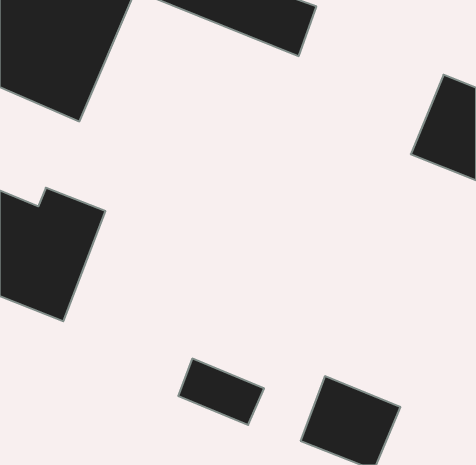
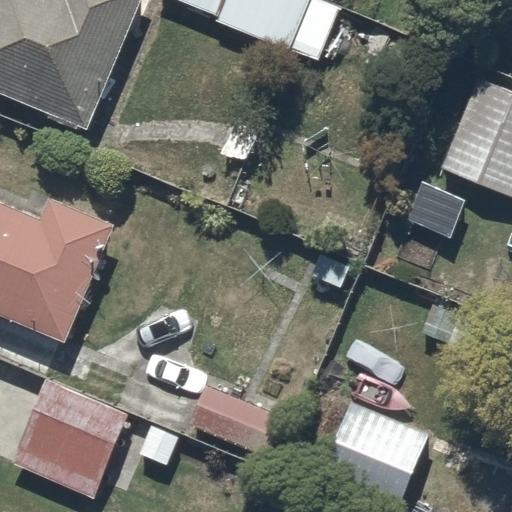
building: none -> [12,379,129,494]

